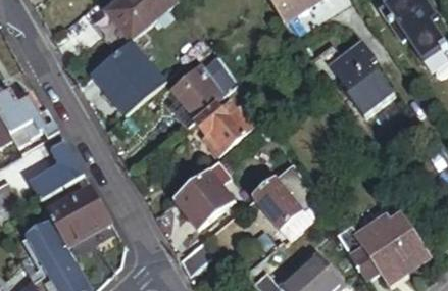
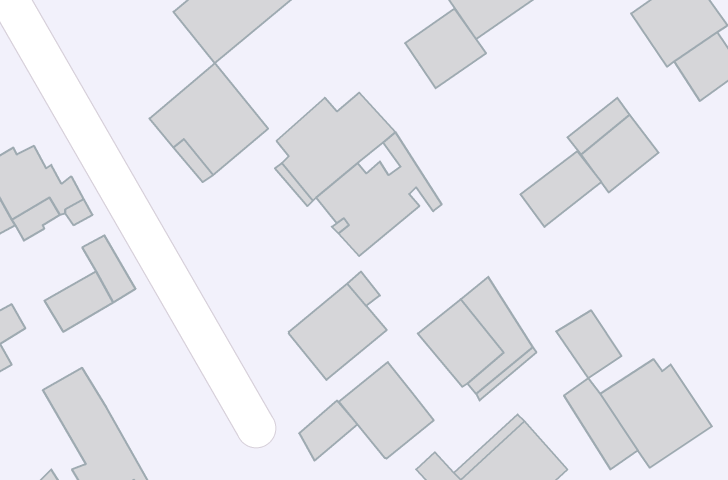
building: none -> [405,9,486,88]
building: [326,38,374,83] -> [520,151,601,227]
building: none -> [556,310,621,378]
building: [48,187,109,243] -> none
building: none -> [339,362,434,459]

